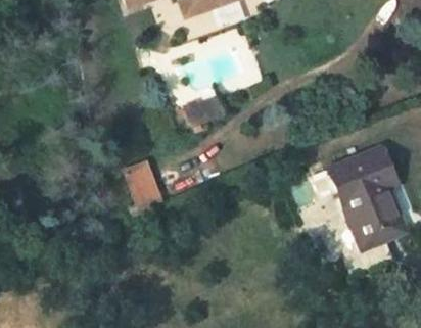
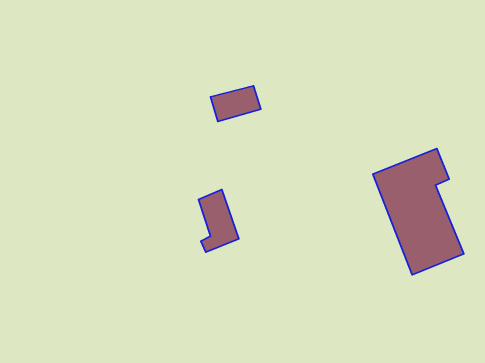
building: [132,161,166,214] -> [198,190,239,252]

